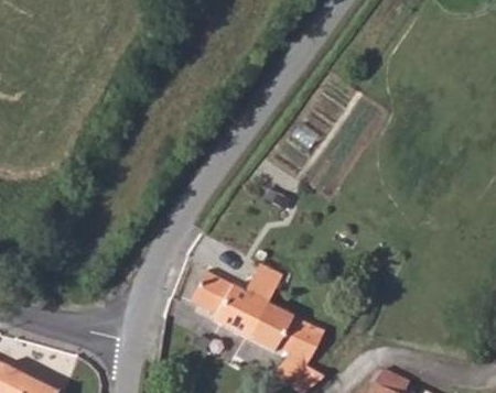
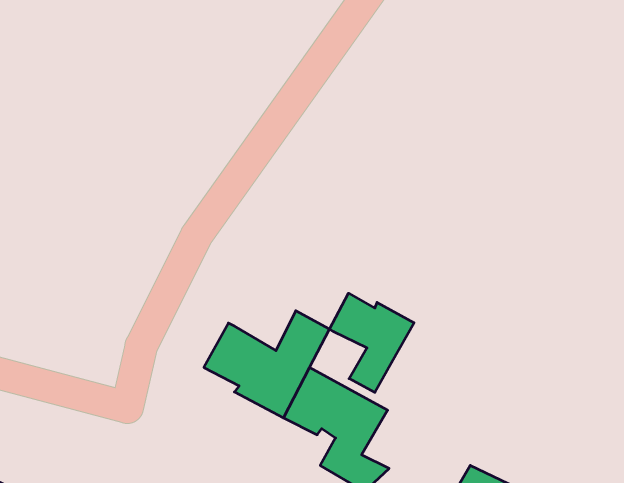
building: none -> [329,293,414,392]

